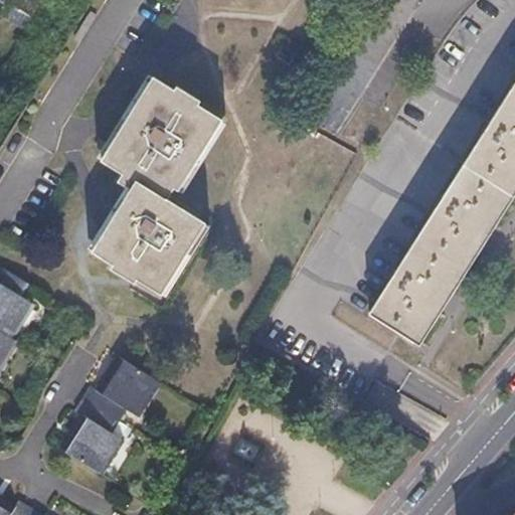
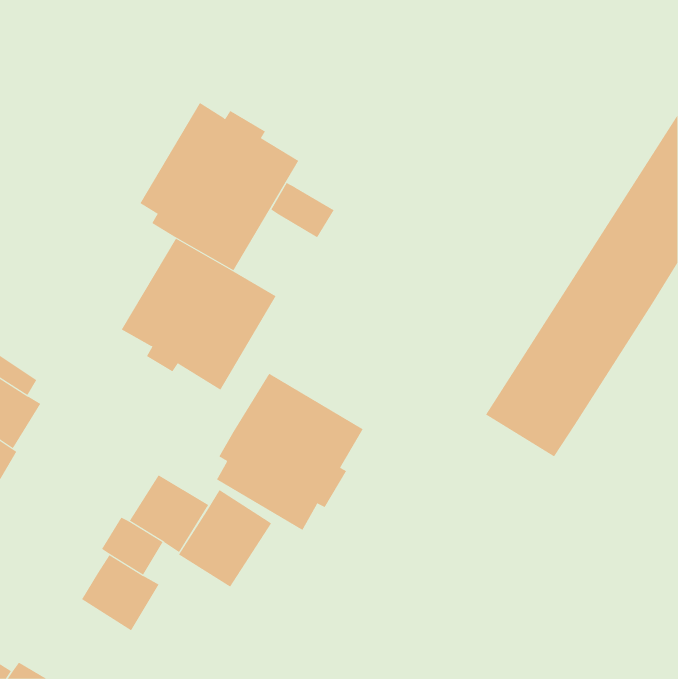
building: none -> [271,182,334,238]
building: none -> [216,373,363,531]
building: none -> [178,489,272,587]

